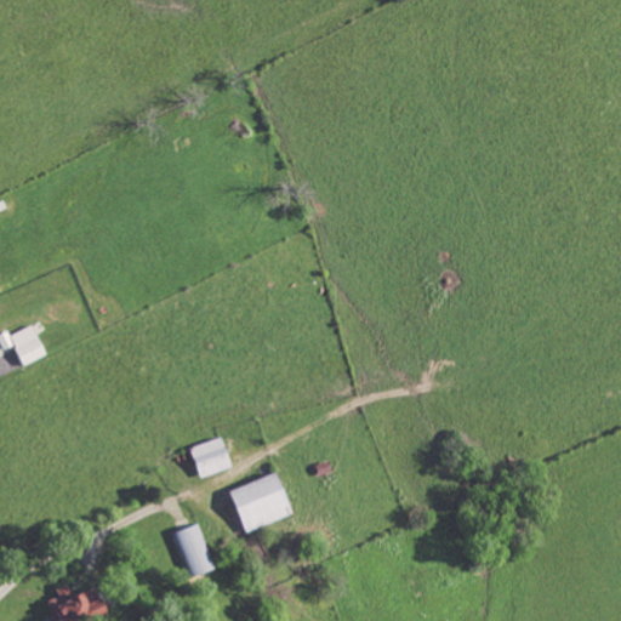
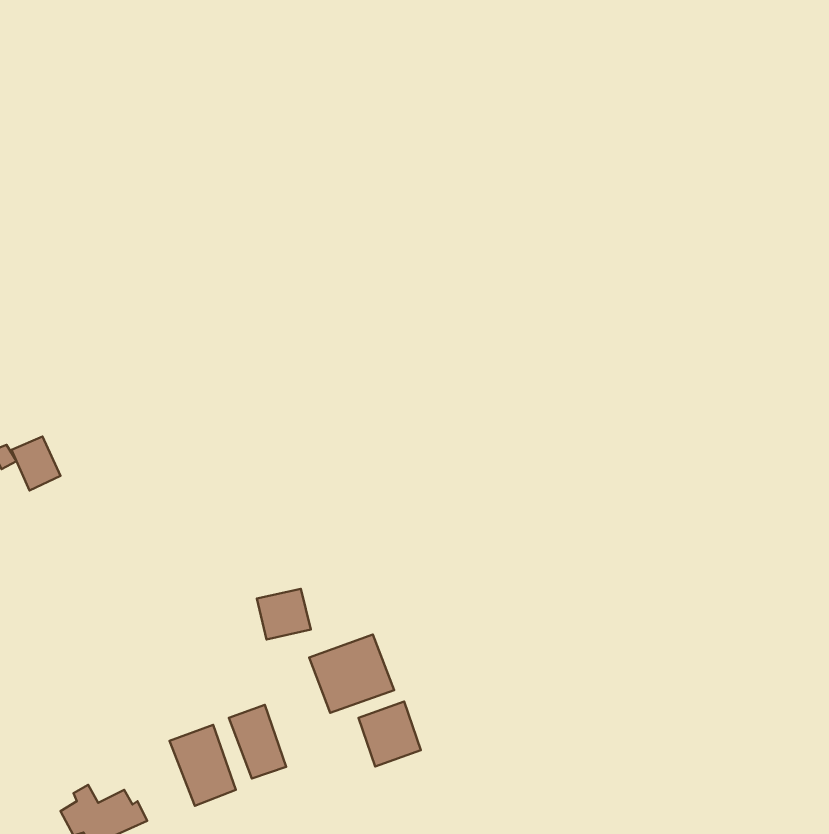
building: none -> [359,701,421,766]
building: none -> [170,725,236,806]

